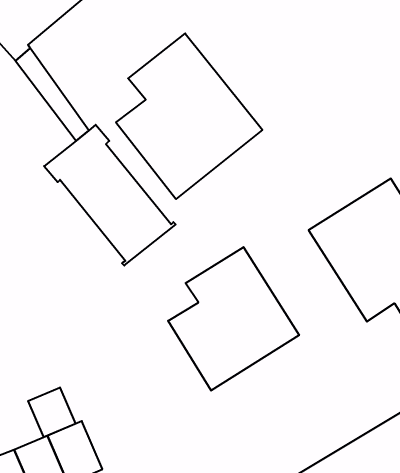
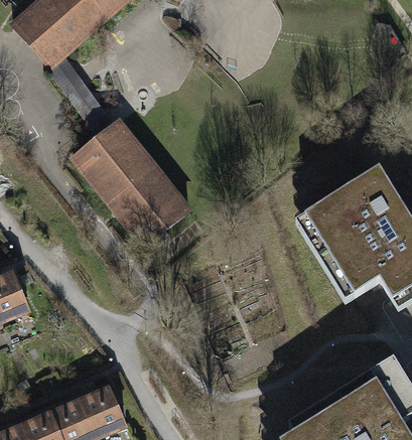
building: [116,33,262,199] -> none
building: [168,247,299,391] -> none
building: [28,387,76,437] -> none

